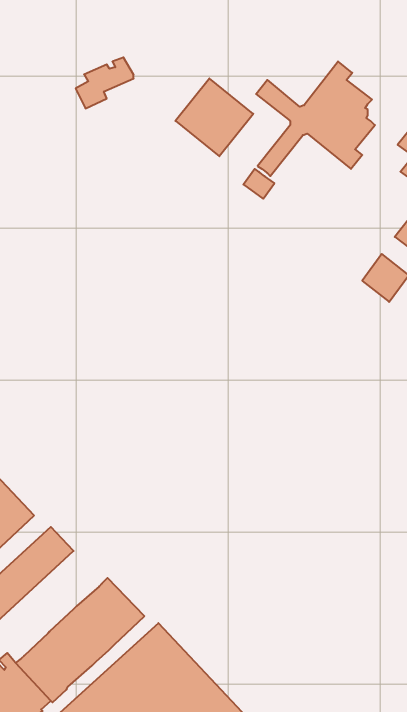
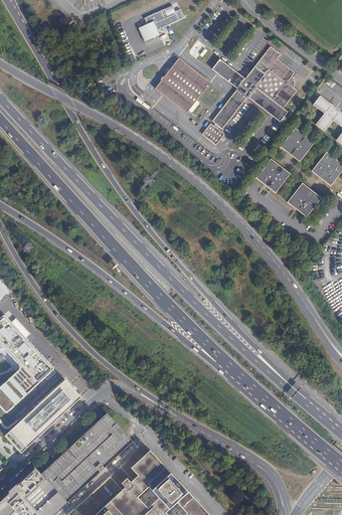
building: [76,57,134,108] -> [138,7,179,43]
building: none -> [279,128,313,162]
building: none -> [254,159,289,193]

